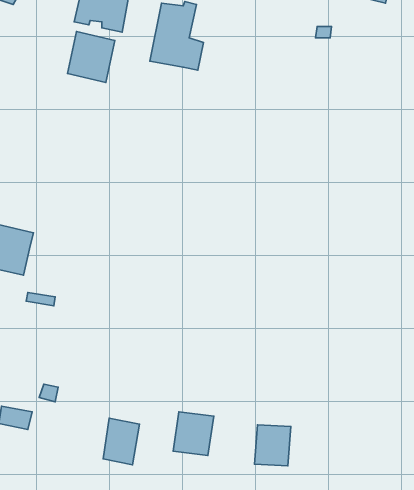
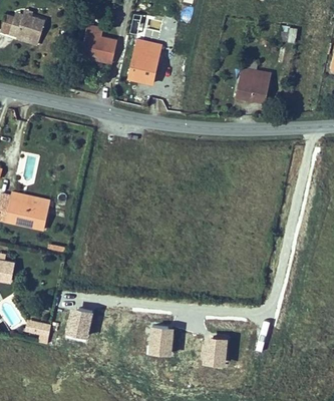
building: [68,32,115,83] -> none
building: none -> [236,69,269,104]
building: [103,418,140,465] -> [66,304,91,336]

